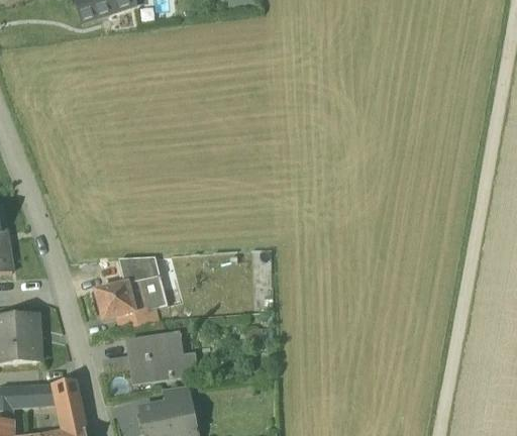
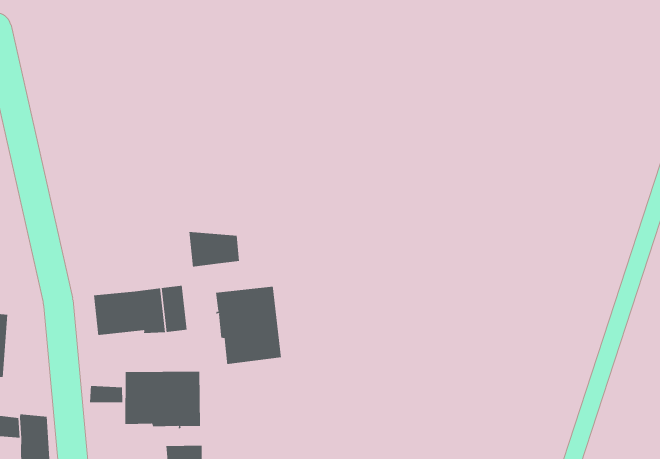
building: [119,255,159,283] -> [189,231,240,267]
building: none -> [216,286,281,365]

